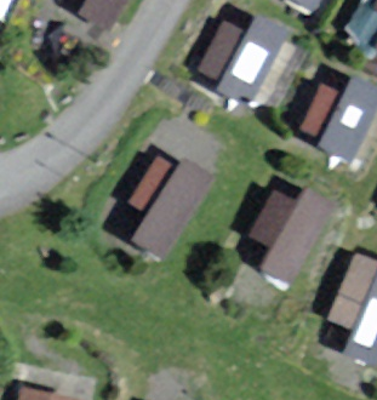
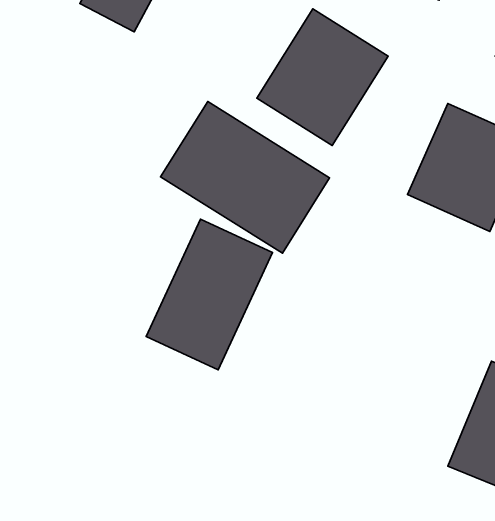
building: none -> [161,101,330,253]
building: [236,179,335,286] -> none

